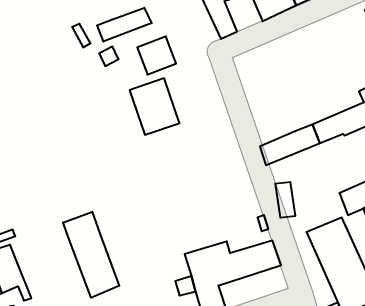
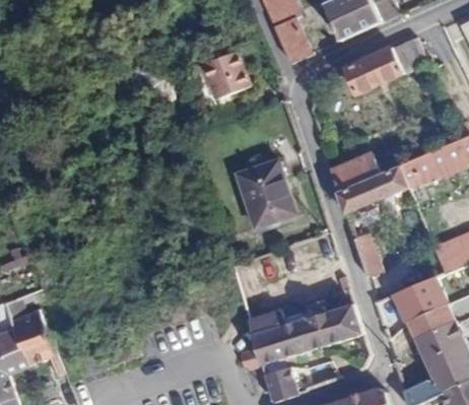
building: [97,8,152,42] -> none
building: none -> [345,38,426,94]
building: [130,78,180,135] -> [236,161,295,229]
building: none -> [330,152,380,192]
building: [63,212,119,298] -> none

